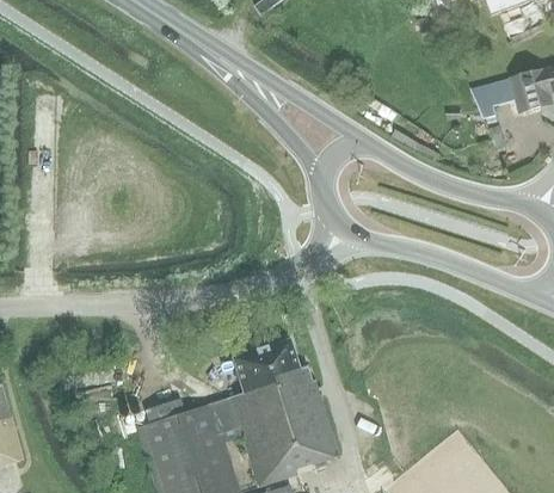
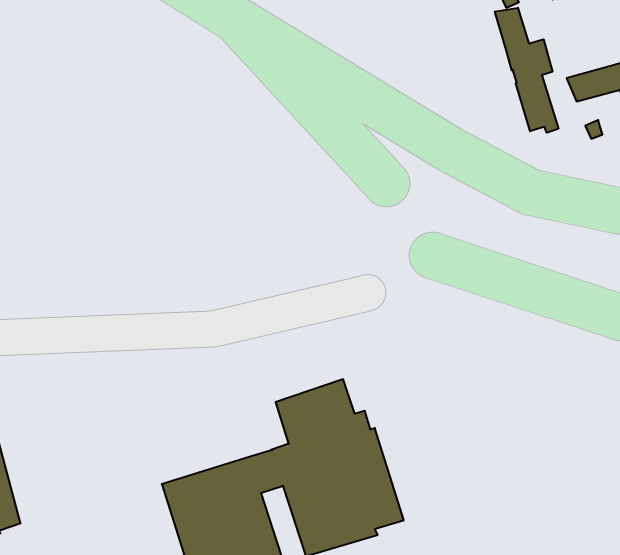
building: none -> [495,8,558,133]

